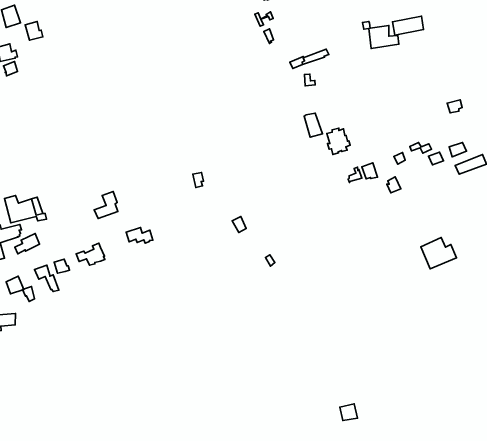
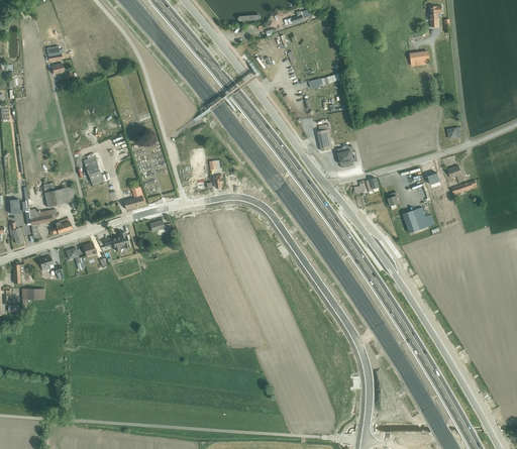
building: [362,22,399,48] -> none
building: none -> [83,153,106,186]
building: [421,237,456,269] -> [403,206,434,233]

